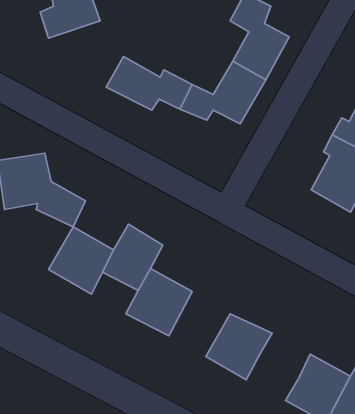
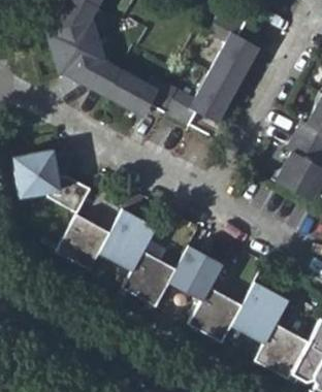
building: none -> [57,40,120,96]
building: none -> [168,248,221,303]
building: none -> [234,282,288,340]

